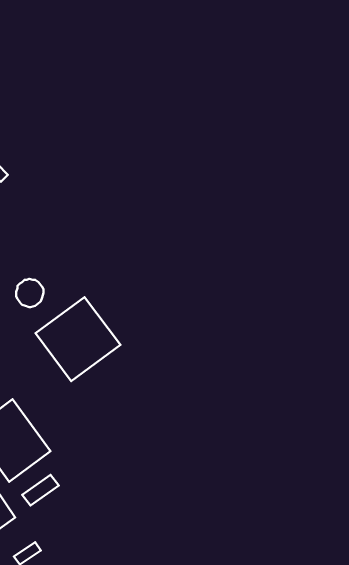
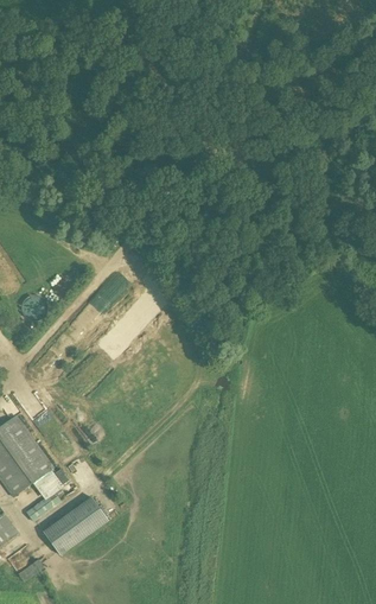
building: [35,297,120,381] -> none
building: none -> [42,496,108,555]

